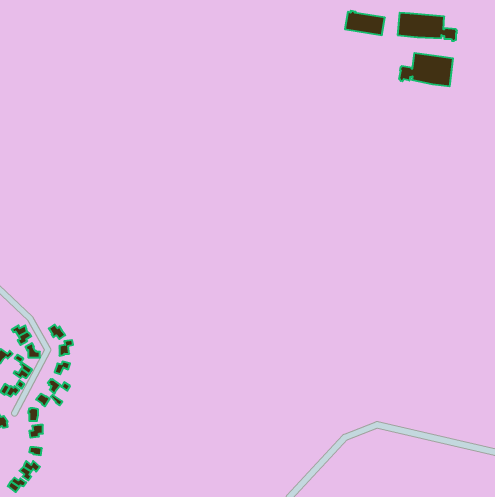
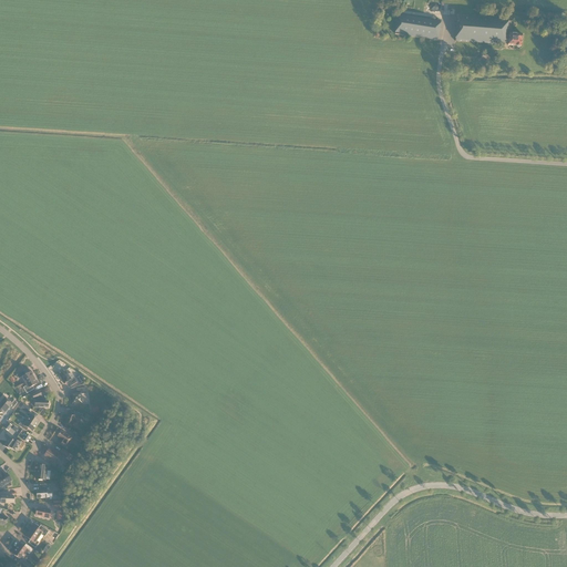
building: [399,53,453,86] -> none

